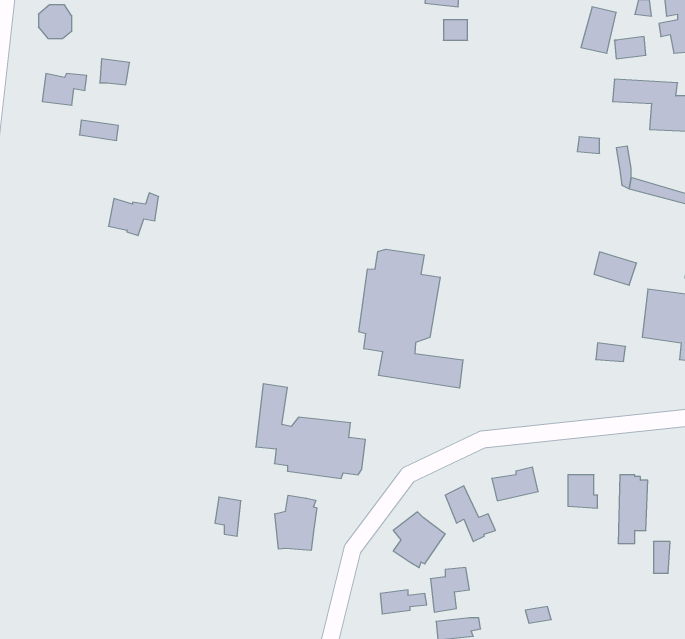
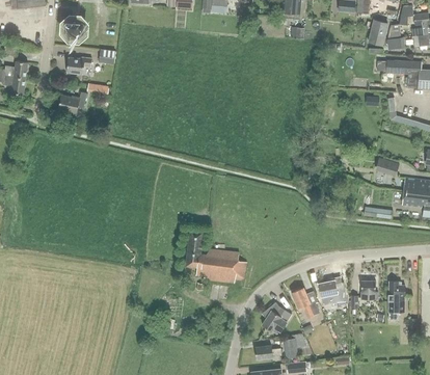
building: [108,193,159,236] -> [58,90,86,114]
building: [359,249,463,388] -> none
building: [275,495,317,550] -> none

